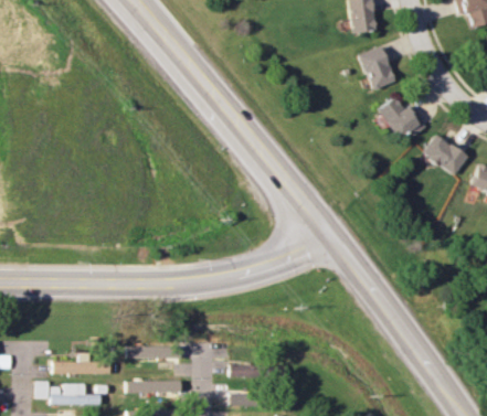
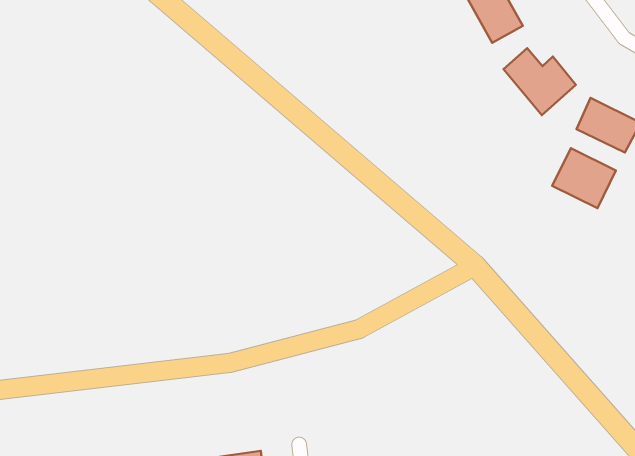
building: none -> [552,148,616,208]

